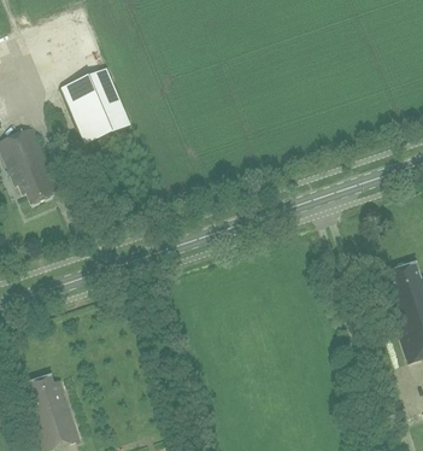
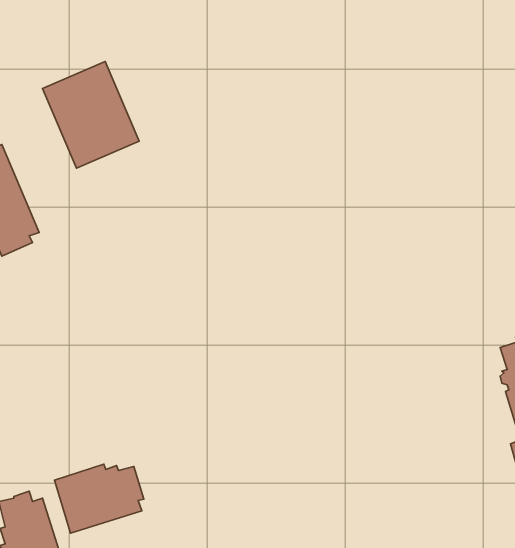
building: none -> [55,464,144,533]

